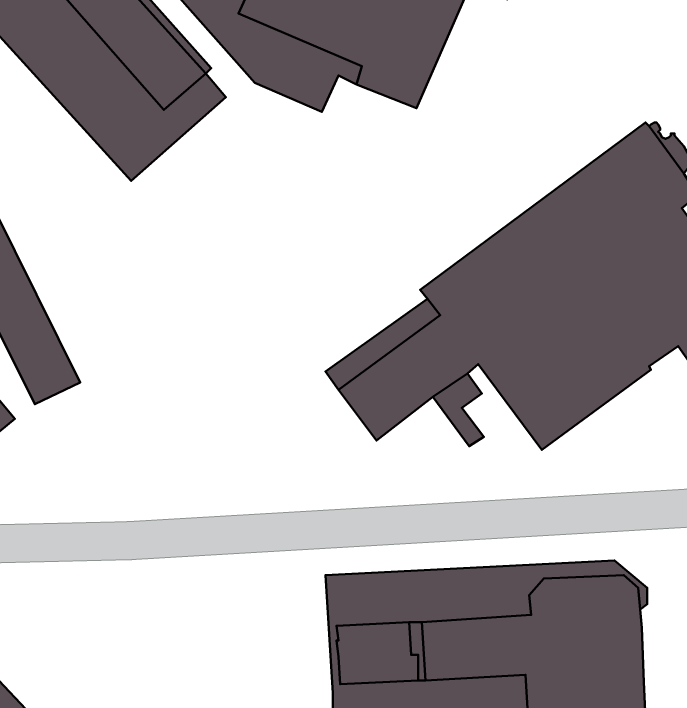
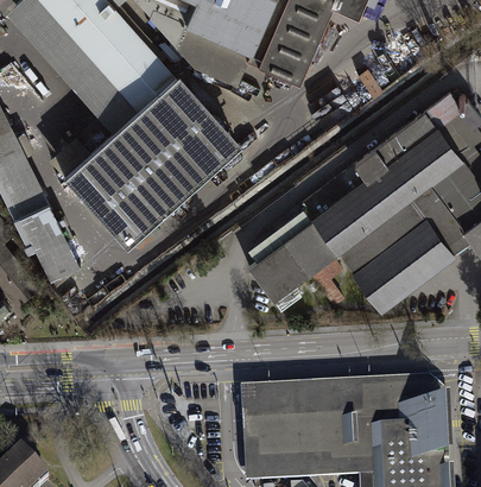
building: none -> [62,74,241,247]

